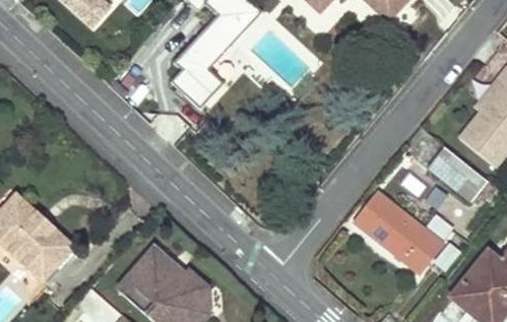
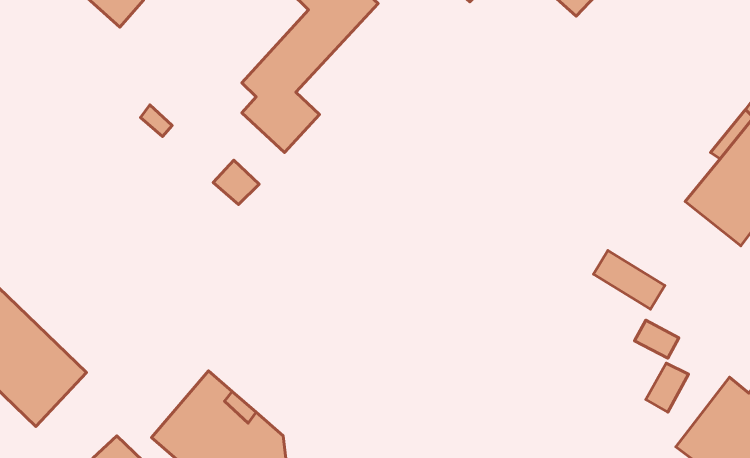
building: [428,145,489,201] -> none
building: [355,192,441,270] -> none

